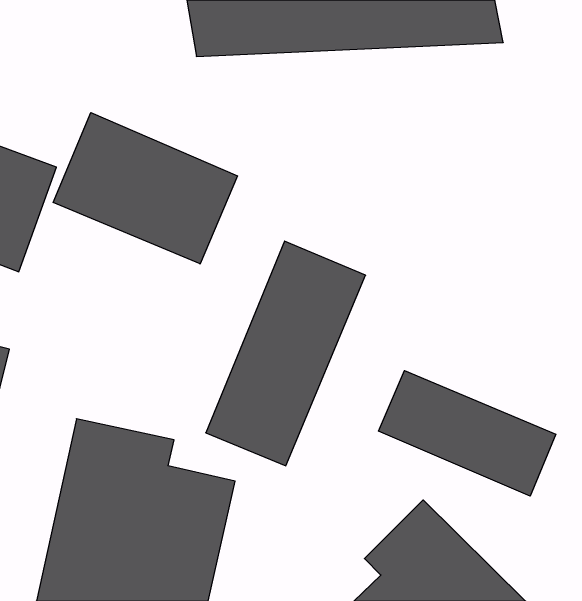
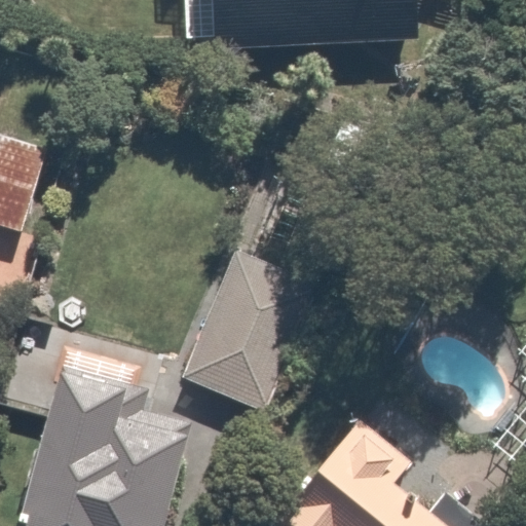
building: [53,113,238,264] -> none
building: [378,371,556,496] -> none

